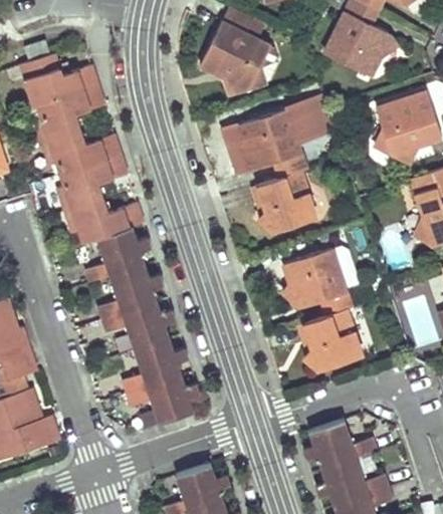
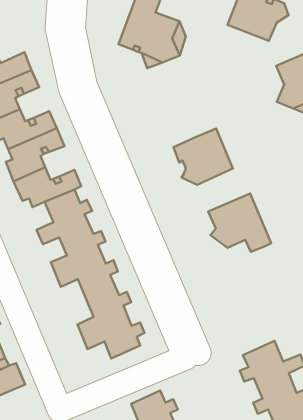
building: [234,103,330,180] -> none
building: [297,310,361,370] -> none

